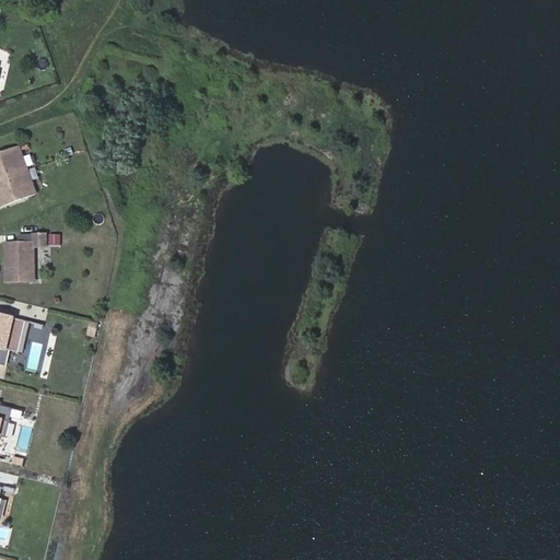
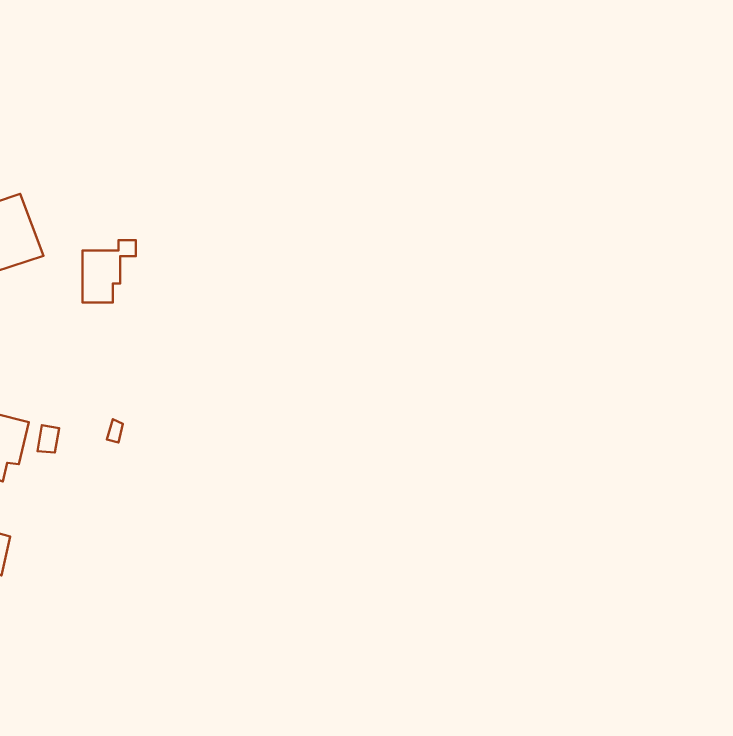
building: [5,233,46,280] -> [82,240,136,302]

